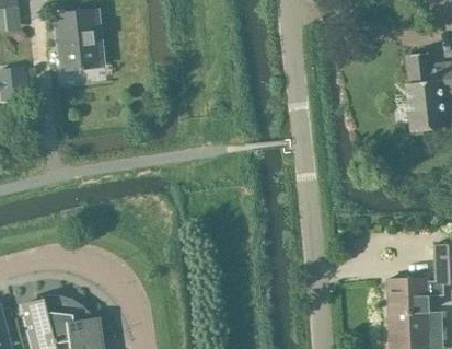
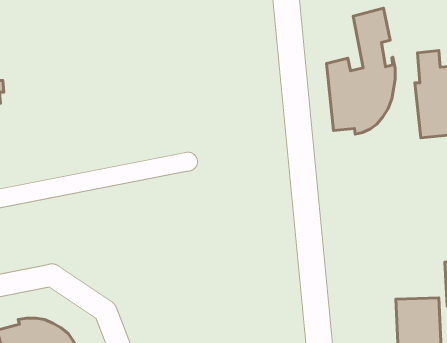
building: [56,11,98,70] -> none
building: none -> [327,8,395,134]

